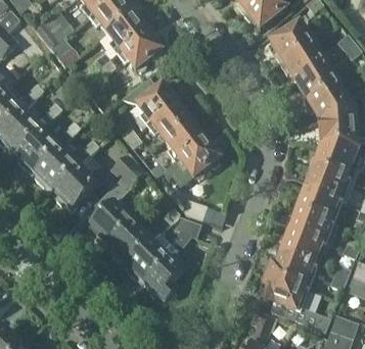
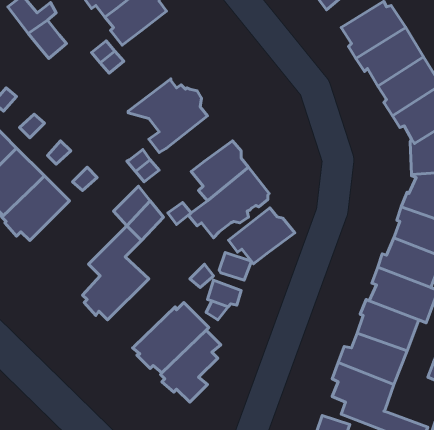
building: [117,30,162,68] -> none
building: [147,102,193,141] -> [229,208,295,264]
building: [51,161,105,209] -> none
building: [106,215,153,262] -> none

